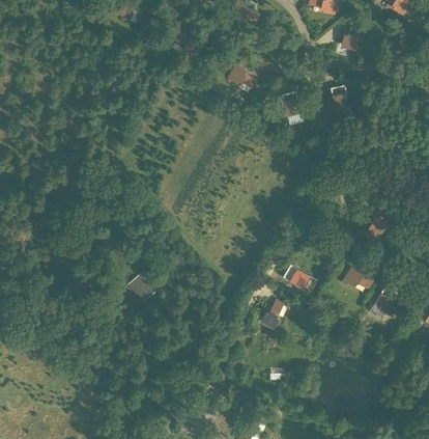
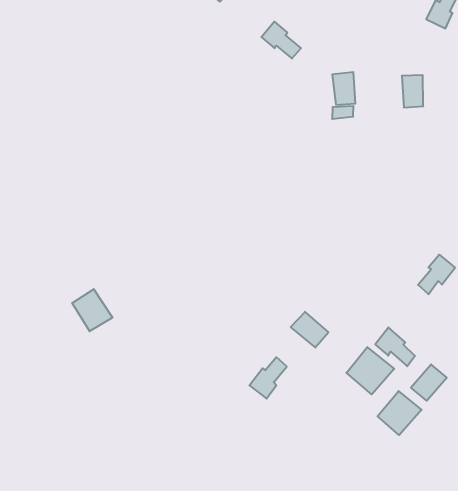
building: none -> [346,347,394,394]
building: none -> [378,391,422,435]

